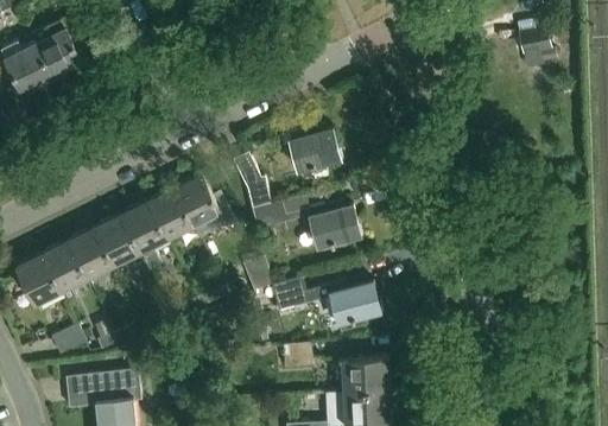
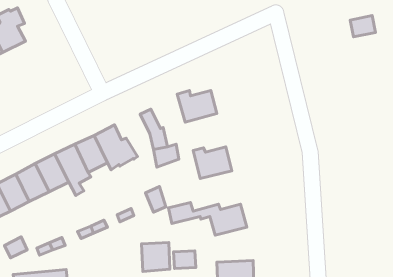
building: none -> [142,243,170,271]

